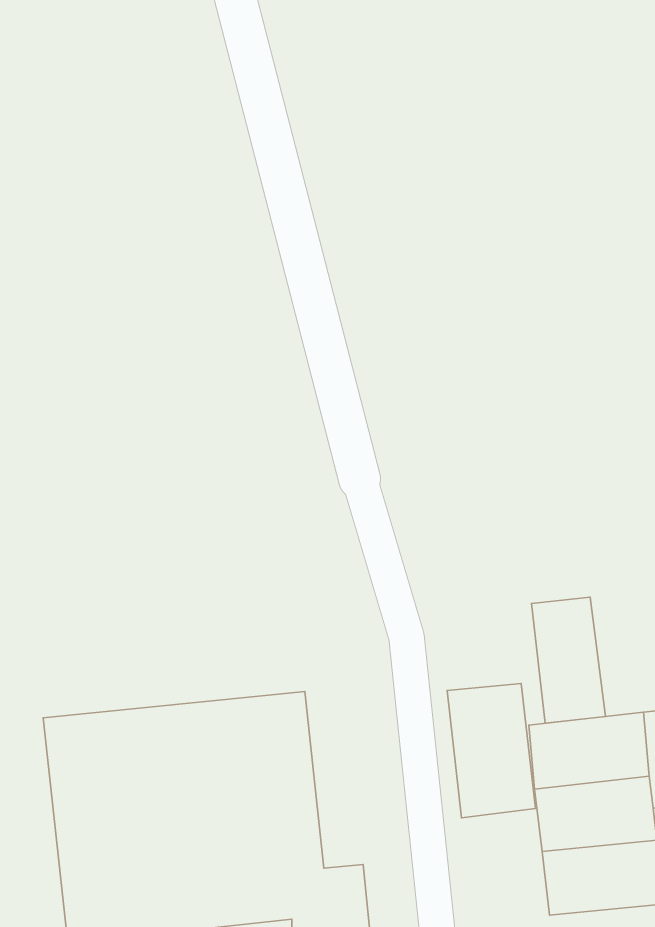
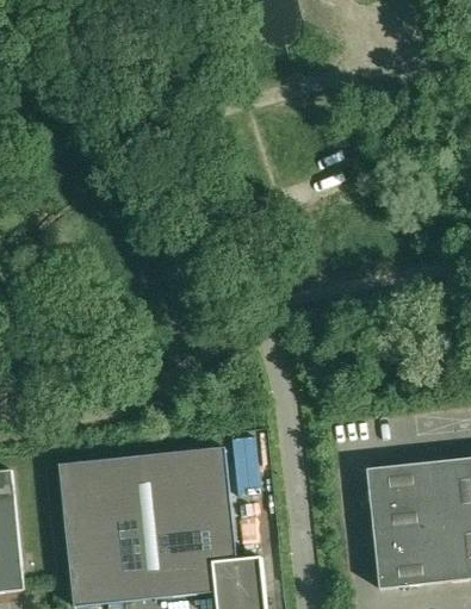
building: [531,597,606,723] -> none
building: [447,683,535,818] -> none

